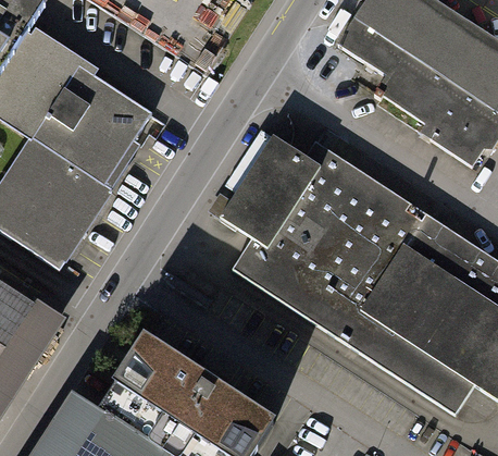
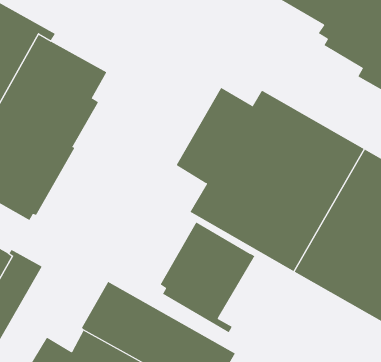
building: none -> [160,222,255,333]

